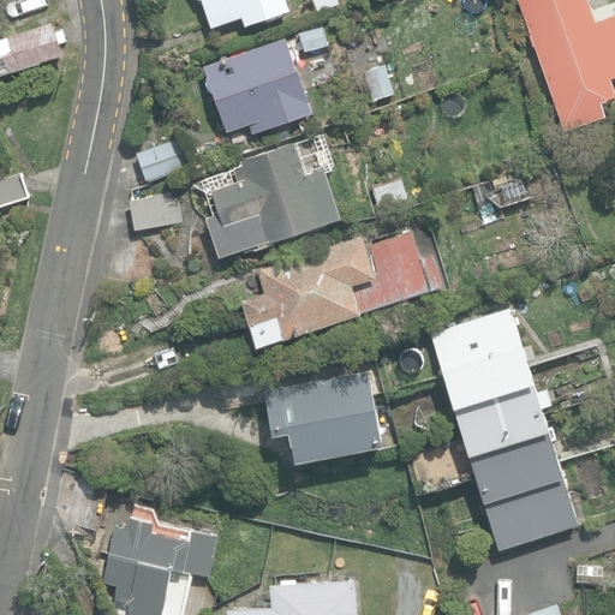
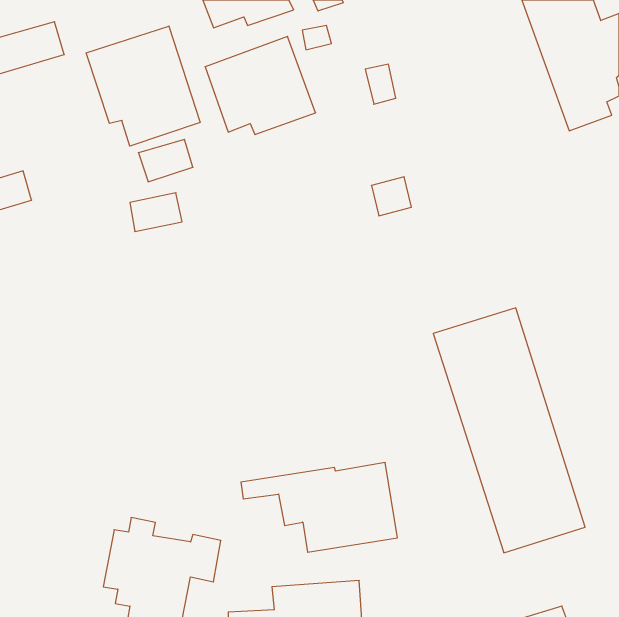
building: none -> [86,26,200,146]
building: [202,135,340,258] -> none
building: [240,232,442,347] -> none
building: [227,372,382,461] -> [241,463,397,552]

